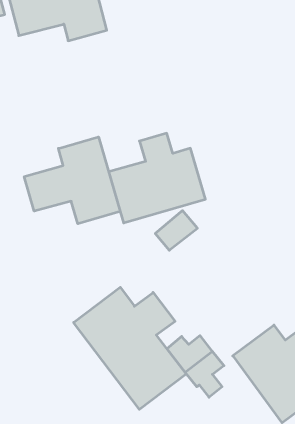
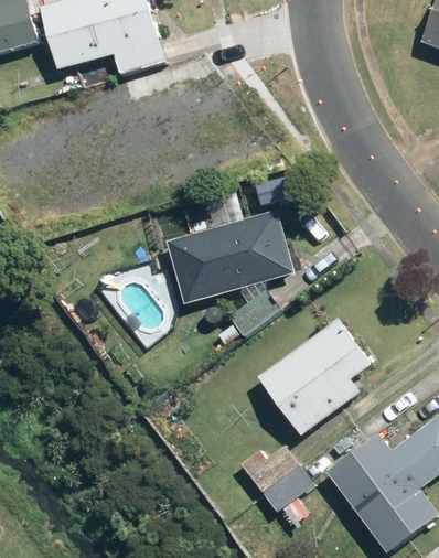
building: [24,137,120,224] -> none
building: none -> [256,316,372,436]
building: [74,287,186,409] -> none

